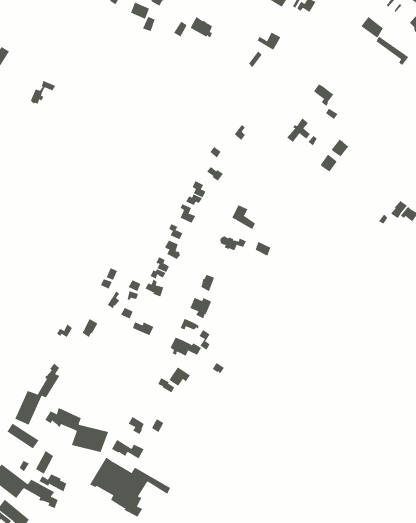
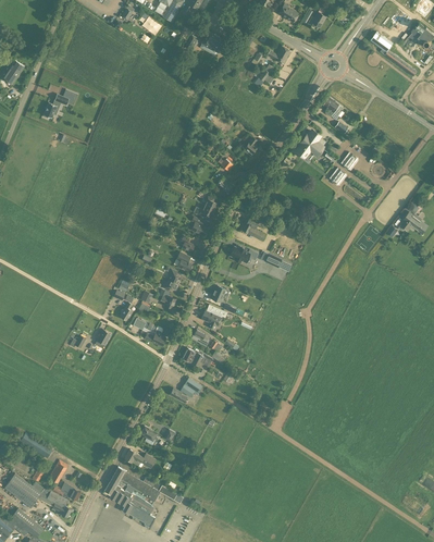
building: [14,363,60,425] -> none
building: [44,407,109,453] -> none

